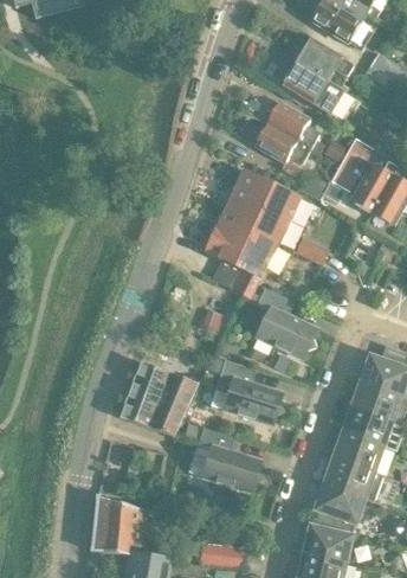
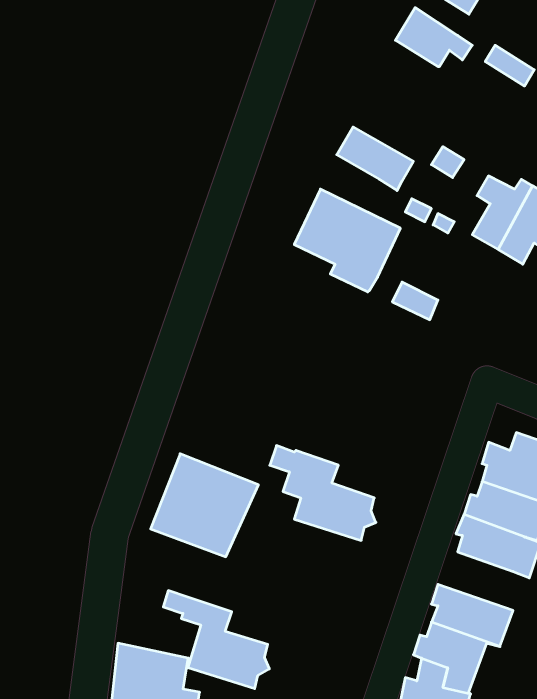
building: [282,62,344,114] -> none
building: [266,102,324,154] -> none
building: [331,140,372,190] -> none
building: [204,210,277,298] -> none
building: [256,287,316,359] -> none
building: [185,422,261,493] -> [163,591,269,689]
building: [328,432,382,475] -> none

